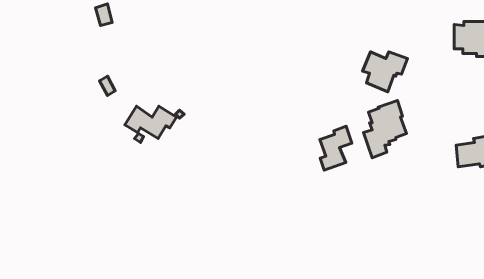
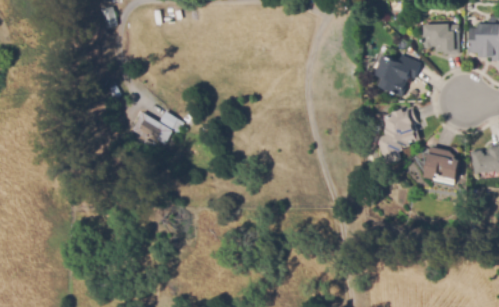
building: none -> [421,24,459,54]
building: [320,126,352,170] -> none
building: none -> [423,146,460,180]

